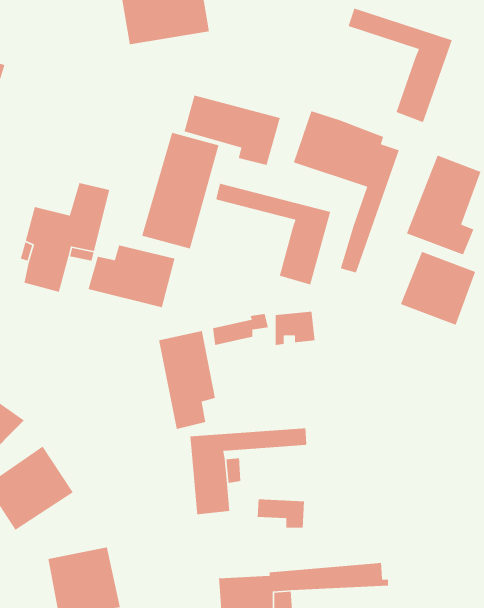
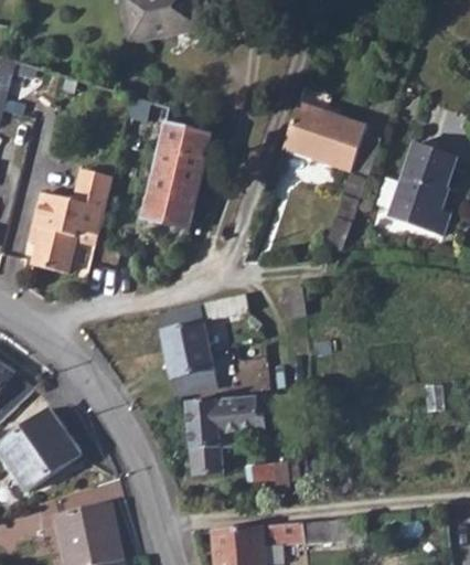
building: [348,8,453,123] -> none
building: [183,94,281,166] -> none
building: [216,183,331,285] -> none
building: [88,245,175,308] -> none
building: [400,251,476,326] -> none

